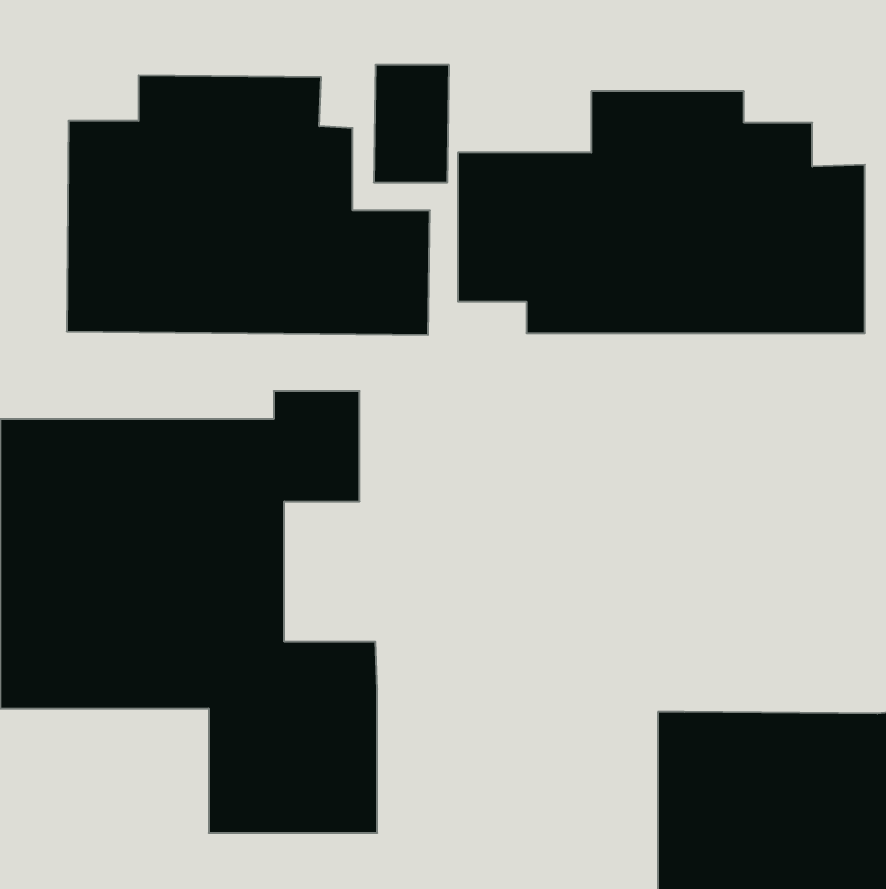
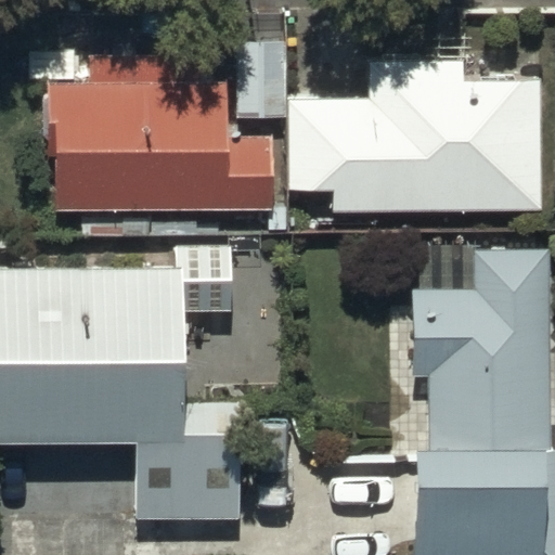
building: none -> [411,251,548,446]

